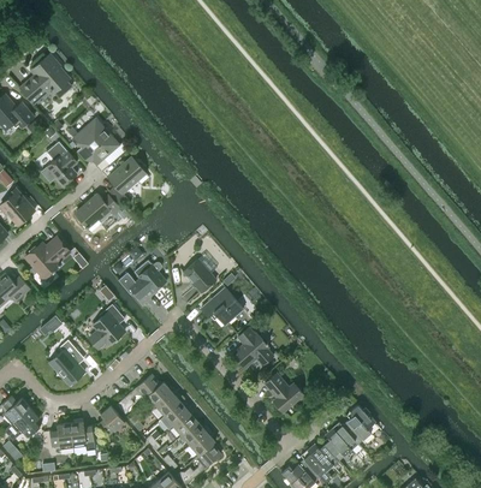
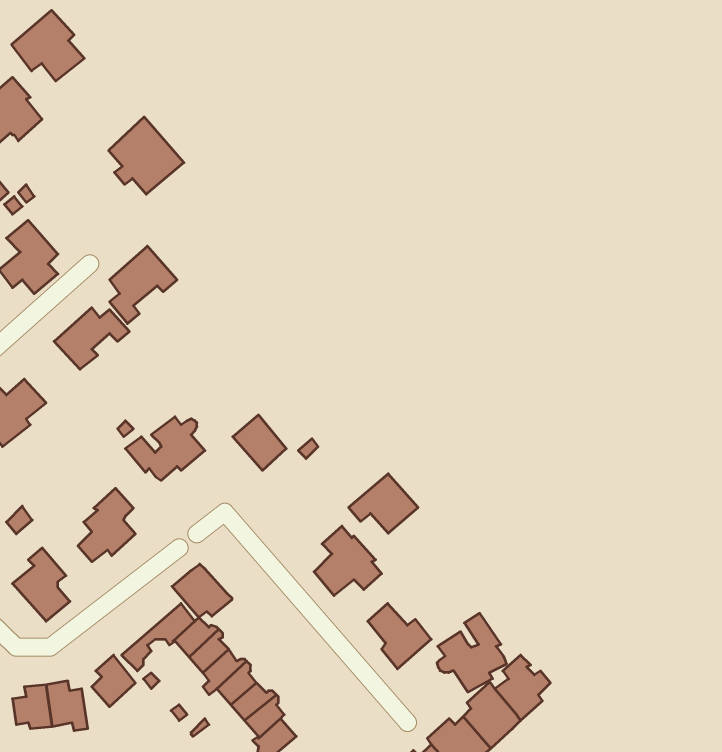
building: none -> [12,10,84,81]
building: [73,118,119,165] -> [109,117,184,194]
building: [201,288,243,325] -> [349,474,418,533]
building: none -> [172,564,232,617]
building: none -> [437,613,506,692]

